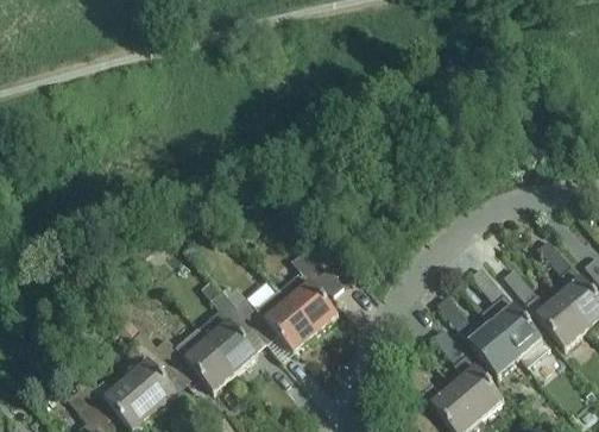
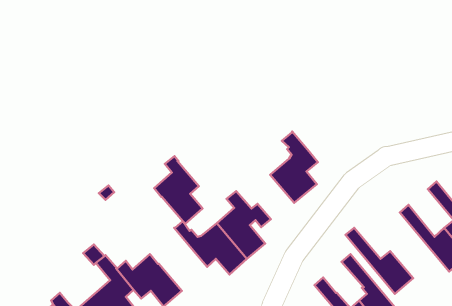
building: none -> [270,132,318,203]
building: [469,265,542,356] -> none
building: [197,288,257,371] -> [154,156,203,224]

